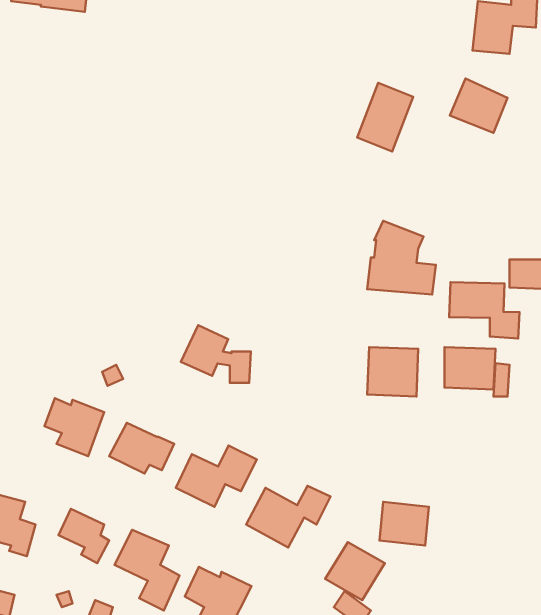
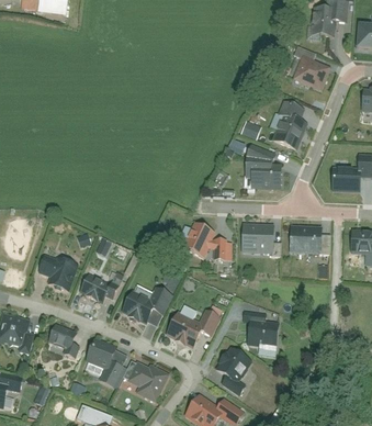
building: [357,83,413,151] -> [272,107,307,149]
building: [449,282,520,339] -> none
building: [181,325,251,383] -> [181,222,225,258]

